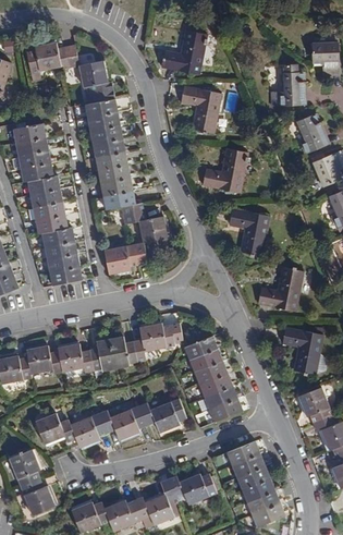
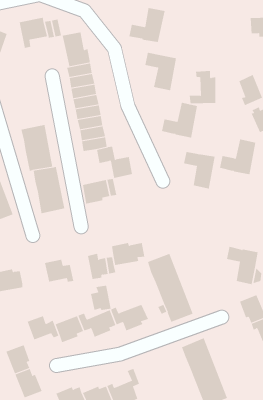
building: [270,64,304,106] -> [189,71,216,104]
building: [13,123,53,182] -> none
building: [257,267,303,312] -> [219,139,256,175]
building: [89,339,115,370] -> [90,285,111,311]
building: [25,345,62,374] -> none
building: [168,473,217,504] -> none

